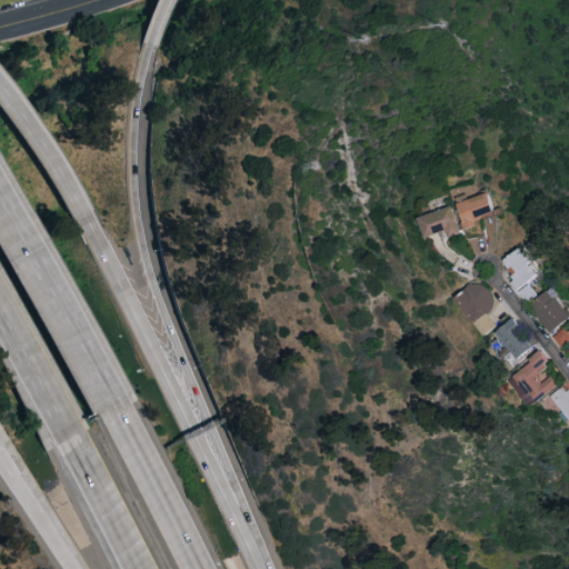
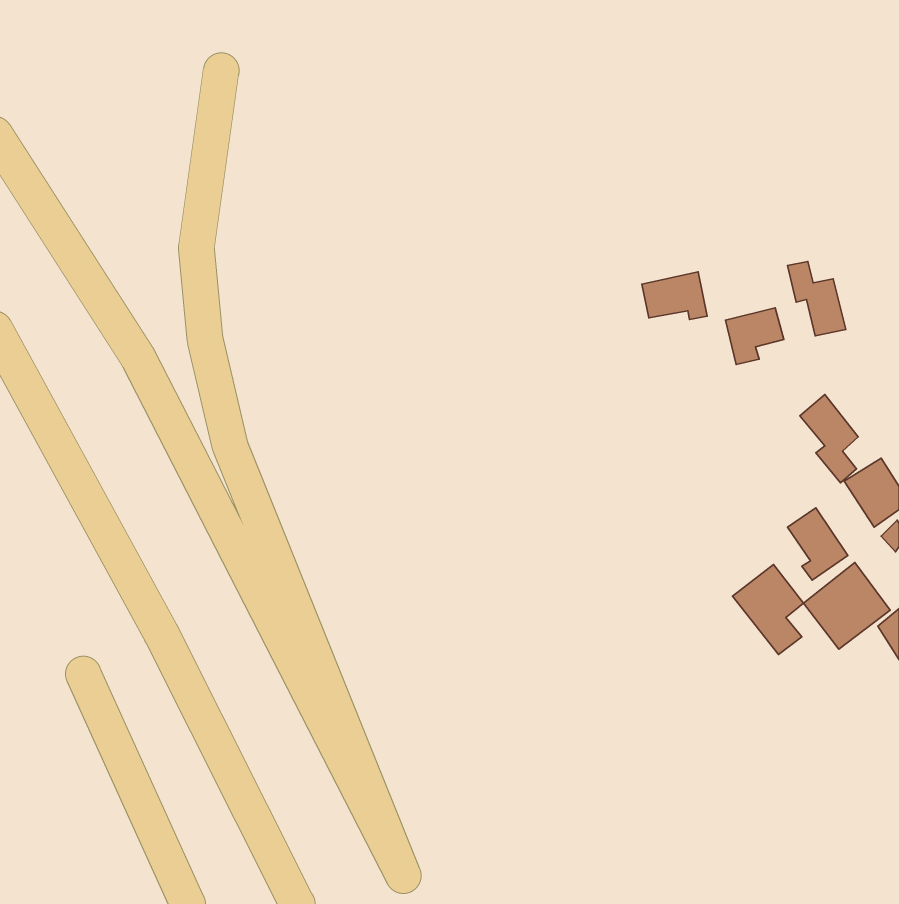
building: none -> [788,262,846,336]
building: [417,207,458,237] -> [642,272,707,320]
building: [453,279,498,336] -> [733,564,803,655]

